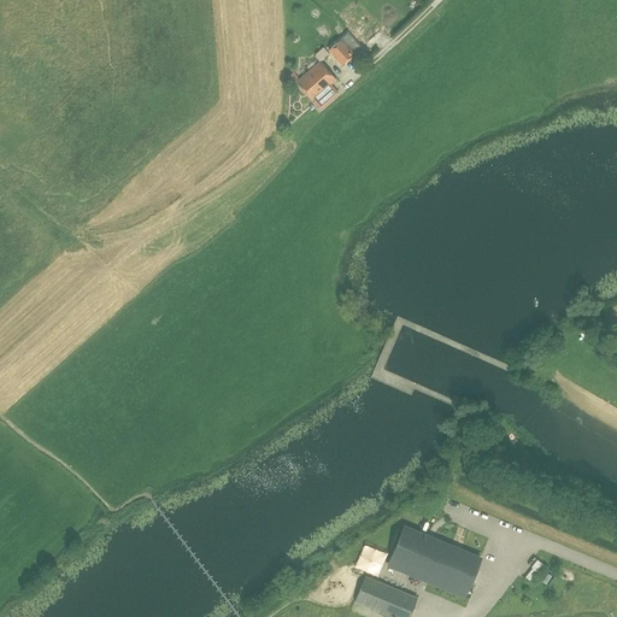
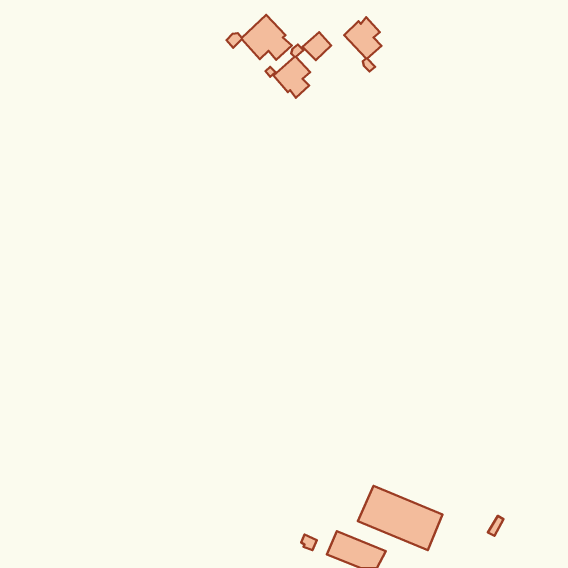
building: none -> [227,15,292,60]
building: none -> [344,17,381,71]

